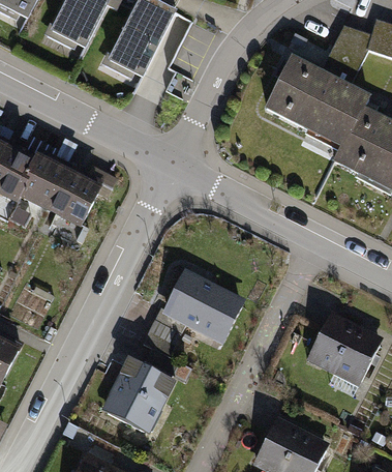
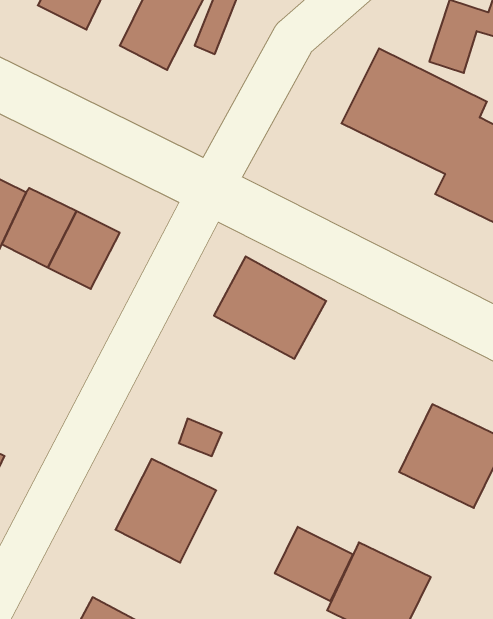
building: [167,270,247,344] -> [214,256,326,359]
building: none -> [275,527,353,601]

